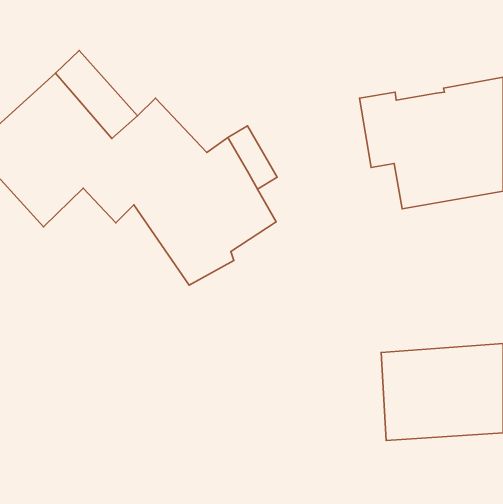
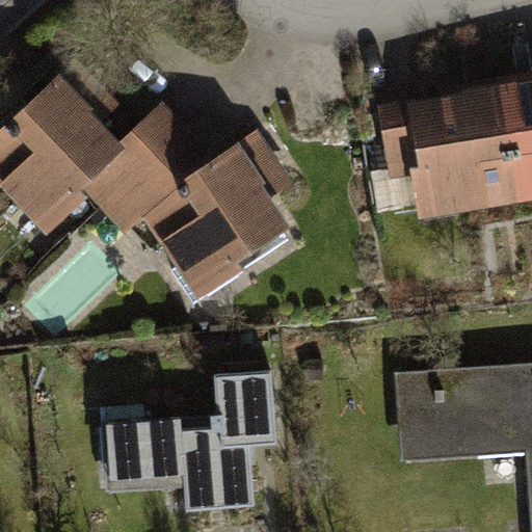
building: none -> [107,362,282,509]

